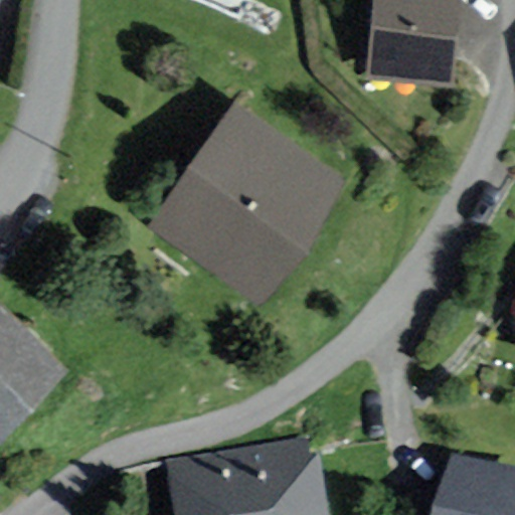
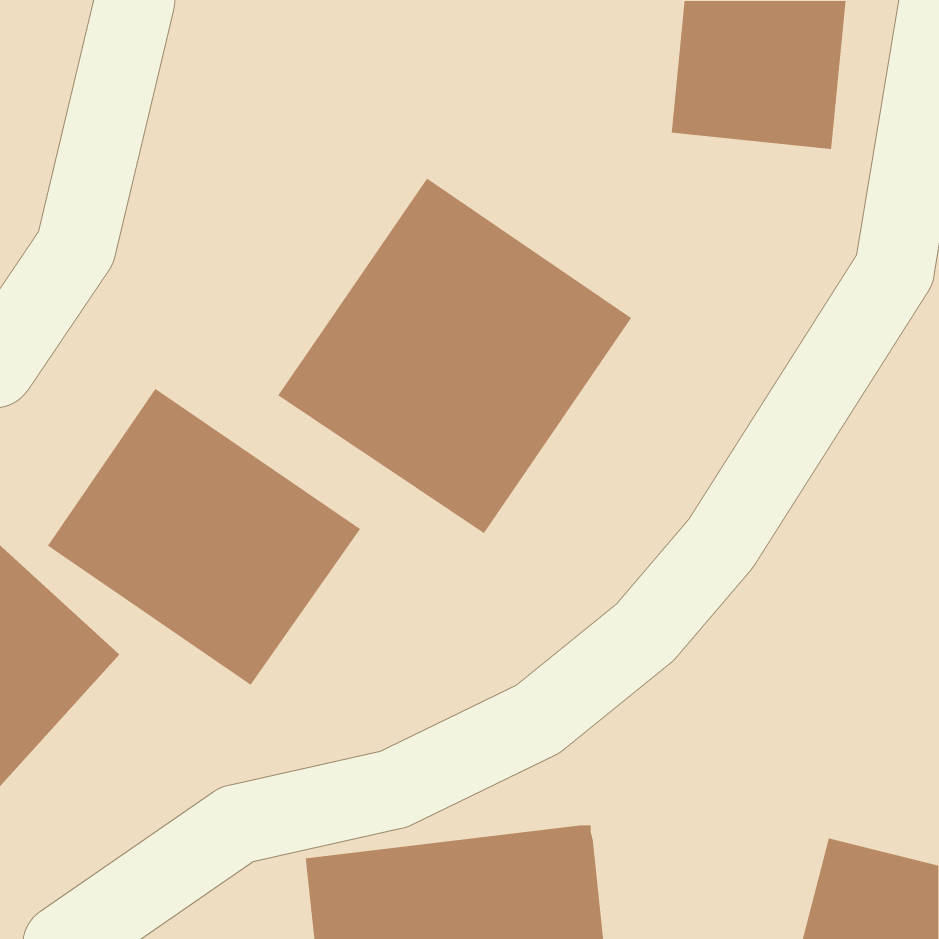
building: none -> [47,388,361,686]

